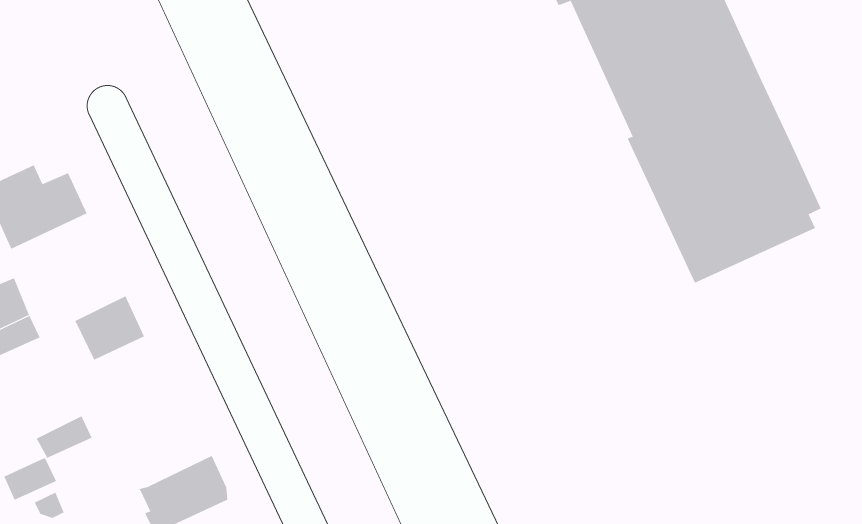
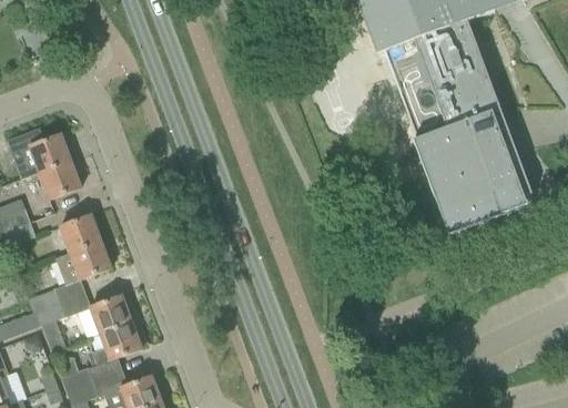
building: none -> [21,161,81,201]
building: none -> [54,241,111,285]
building: none -> [85,294,138,335]
building: none -> [33,302,69,350]

